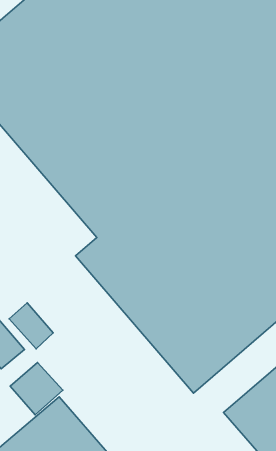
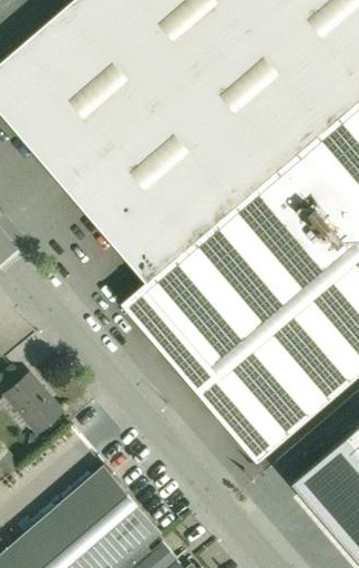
building: [9,303,53,349] -> none
building: [10,362,63,415] -> none

